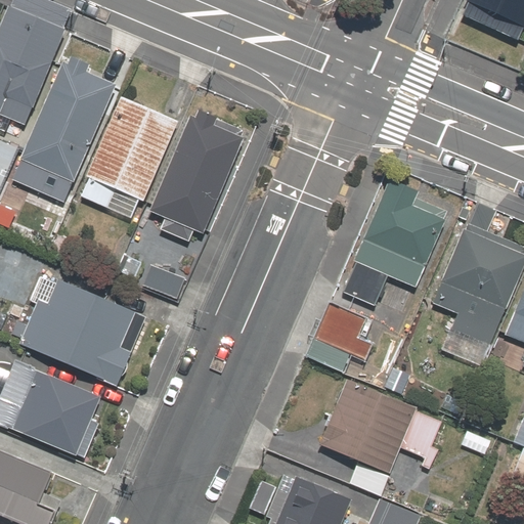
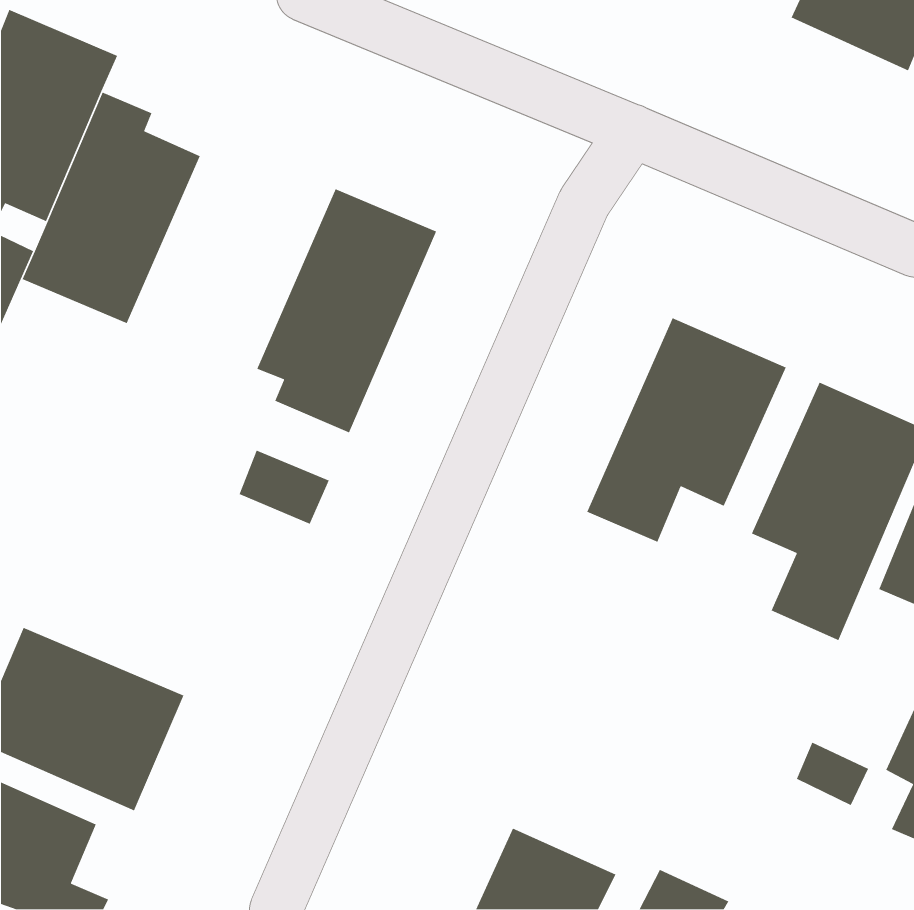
building: [75,92,178,222] -> none
building: [11,267,148,393] -> none
building: [307,301,374,373] -> none
building: [317,378,440,494] -> none

